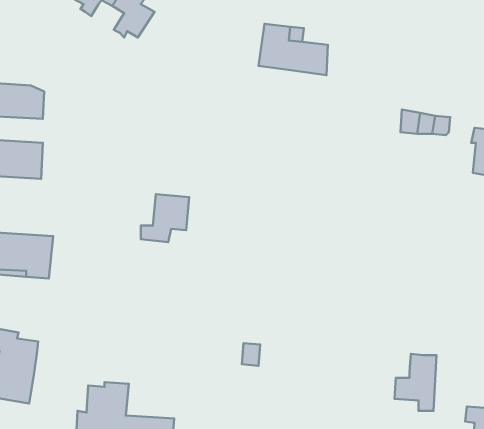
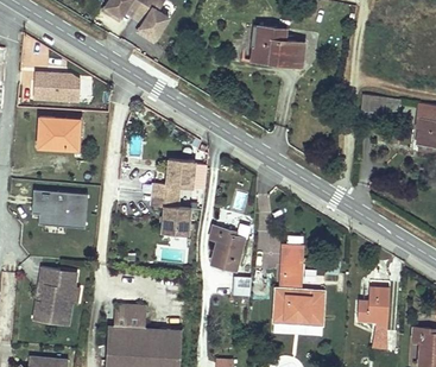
building: none -> [156,196,190,235]
building: none -> [209,226,245,270]
building: none -> [274,246,324,322]

